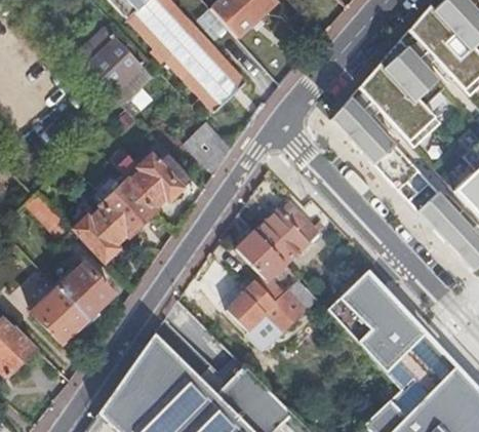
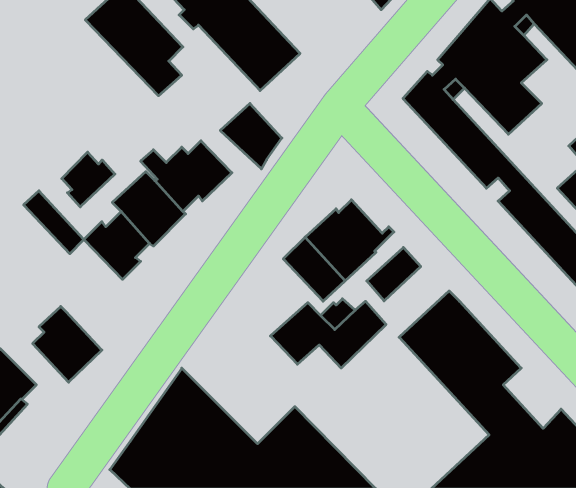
building: none -> [62,152,115,207]
building: none -> [367,247,421,301]
building: [62,263,116,318] -> none
building: [410,332,456,381] -> none

